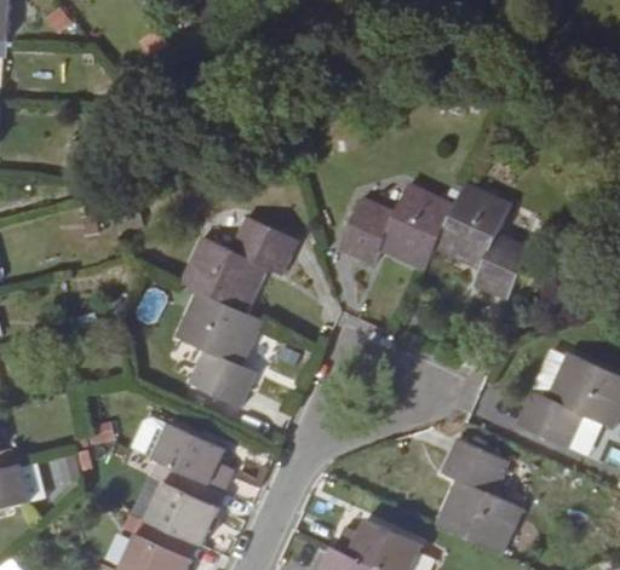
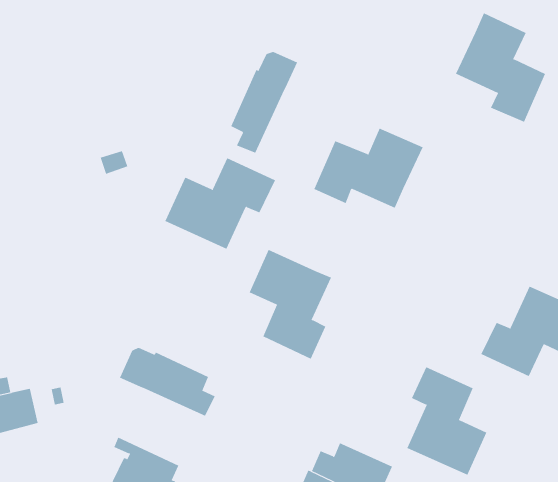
building: none -> [230,51,298,154]
building: [435,183,532,300] -> [455,12,546,123]
building: [174,290,263,408] -> [249,249,332,359]
building: [130,462,223,546] -> none

